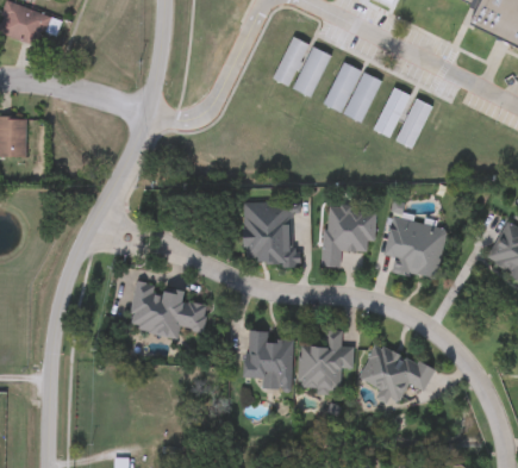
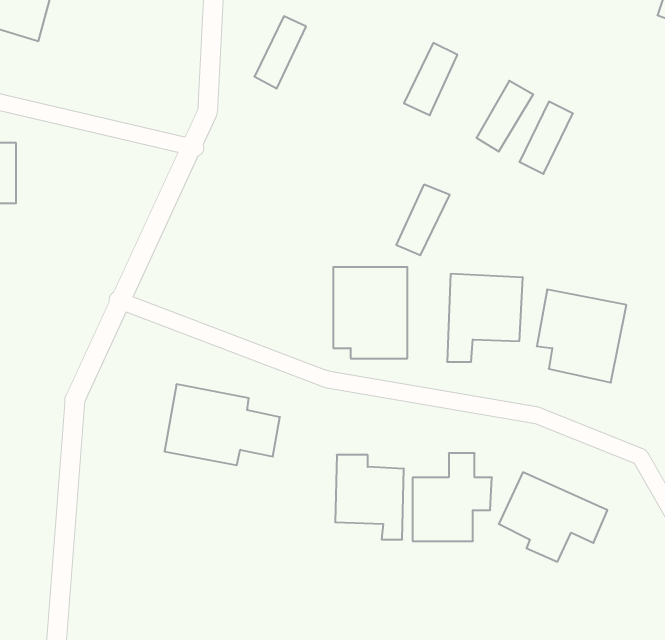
building: [273,36,308,86] -> [254,16,306,89]
building: [324,62,361,111] -> [396,185,450,255]
building: [395,98,431,148] -> none

